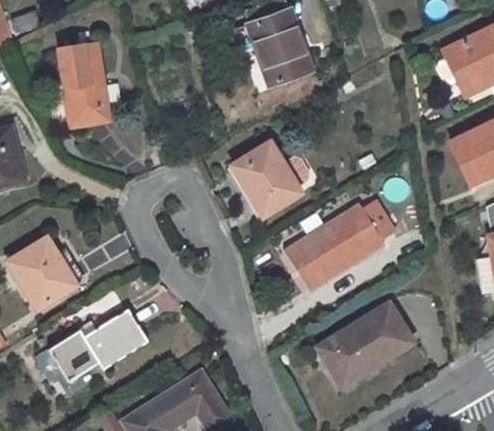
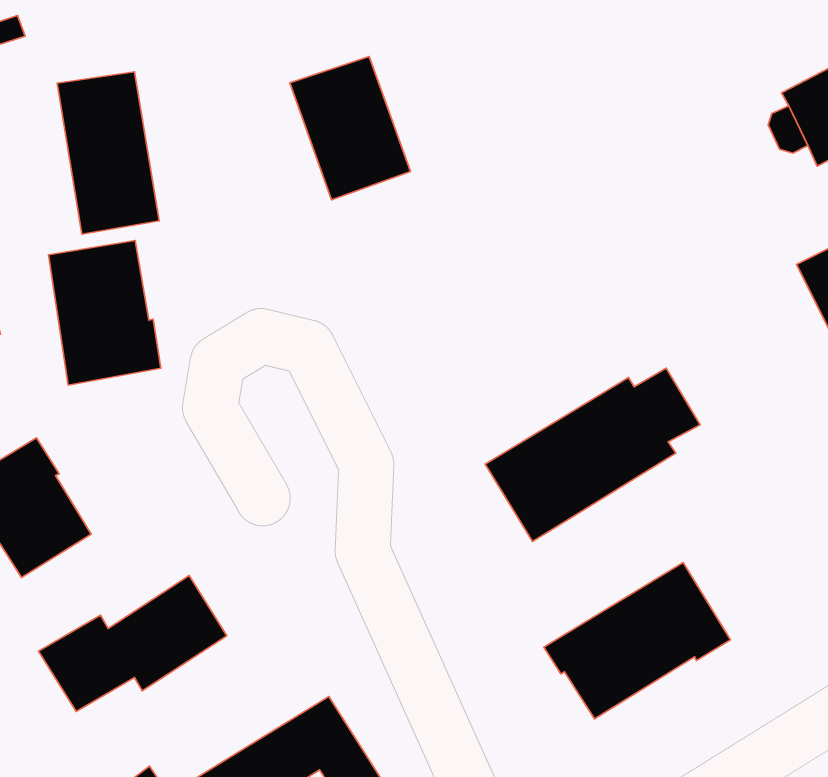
building: [247,10,311,86] -> [290,56,411,200]
building: none -> [49,241,161,385]
building: [230,141,308,217] -> none

